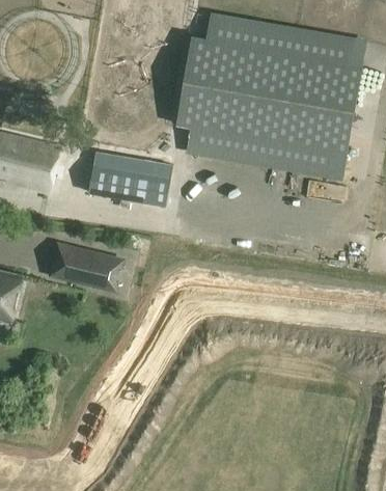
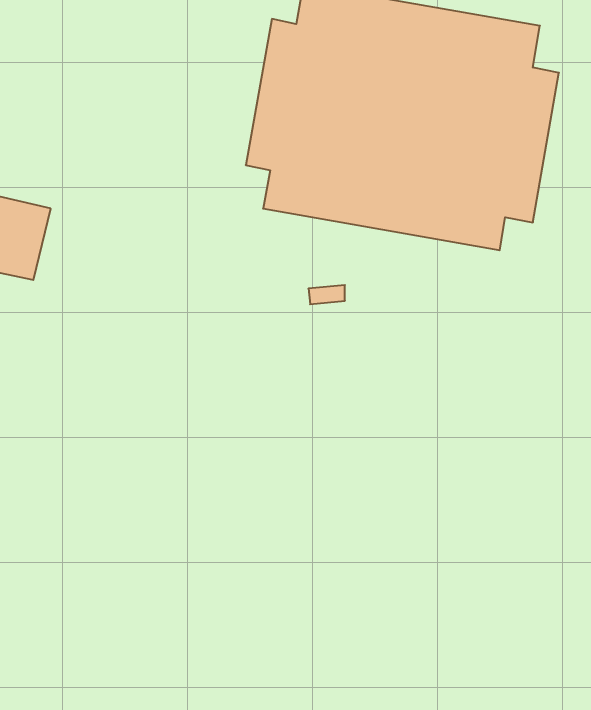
building: [91,142,171,204] -> none
building: [48,242,125,293] -> none

